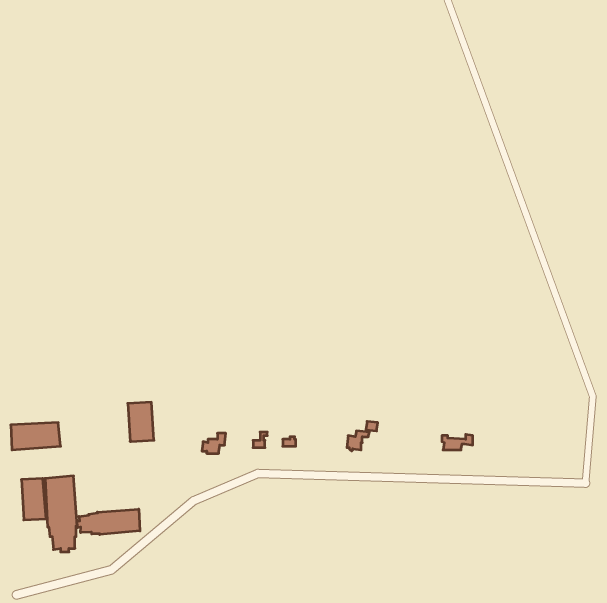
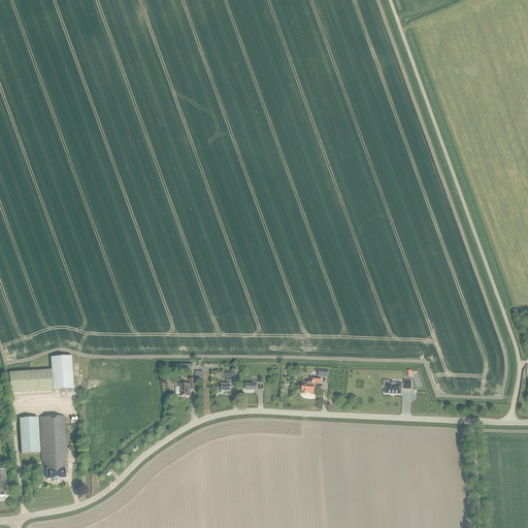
building: [128,402,154,441] -> [51,354,73,388]
building: [77,509,140,535] -> none

